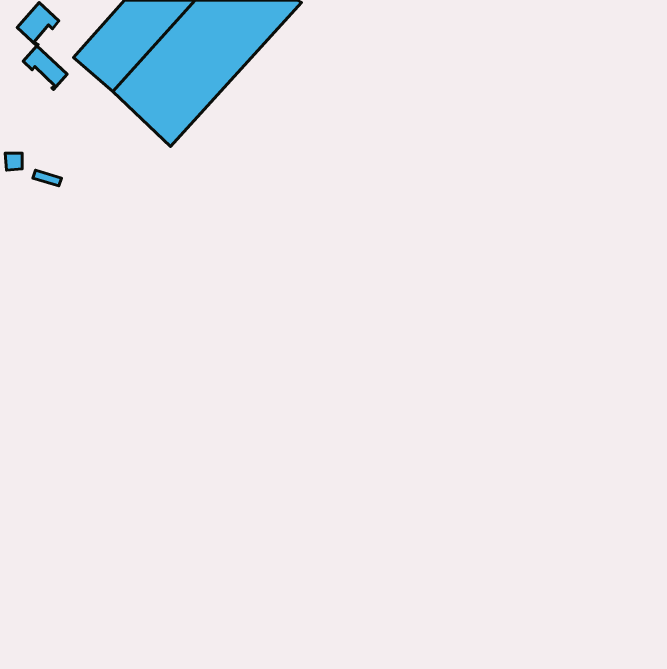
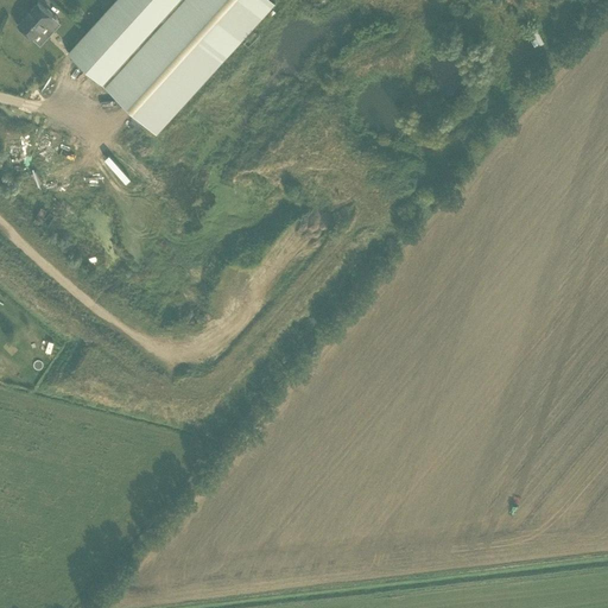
building: [23,46,67,89] -> none

